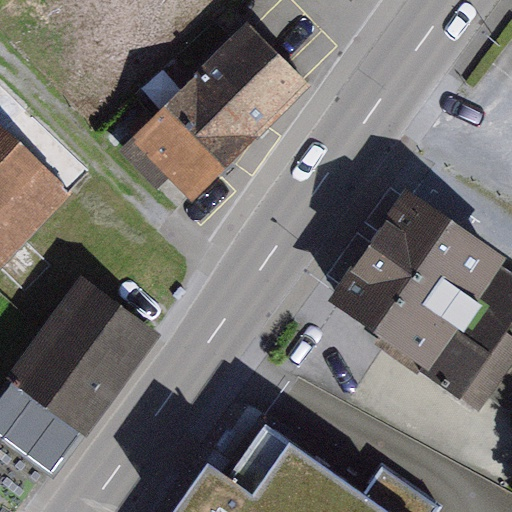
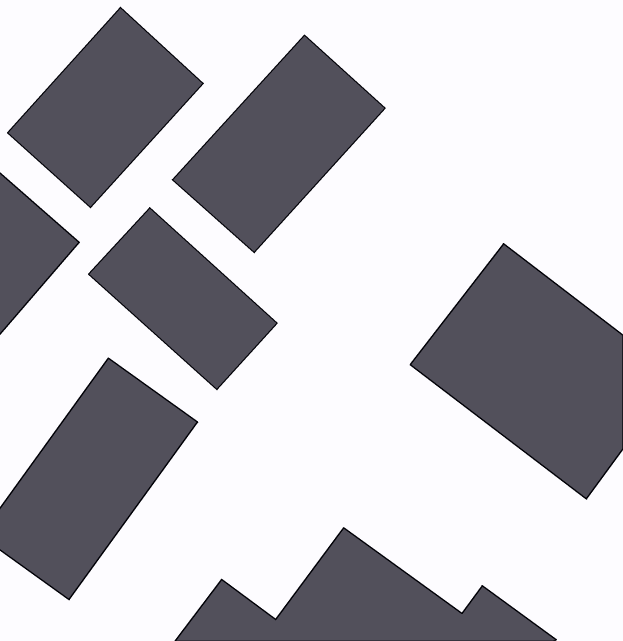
building: none -> [8,7,203,208]
building: none -> [89,208,277,390]

